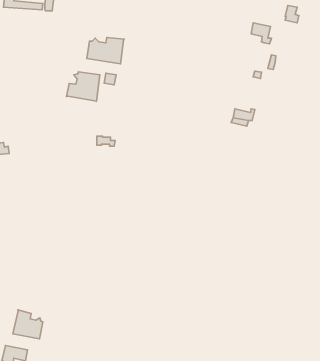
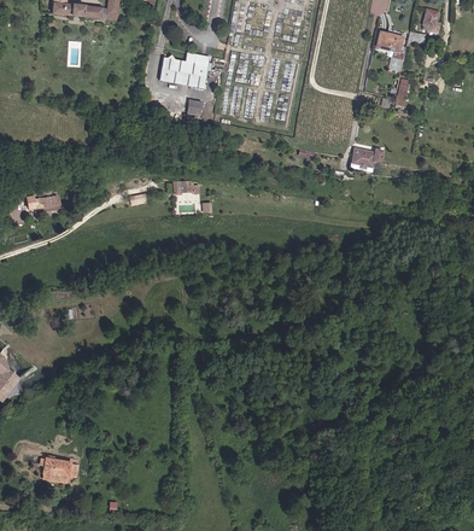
building: [66,72,100,101] -> none
building: [13,310,43,339] -> none

